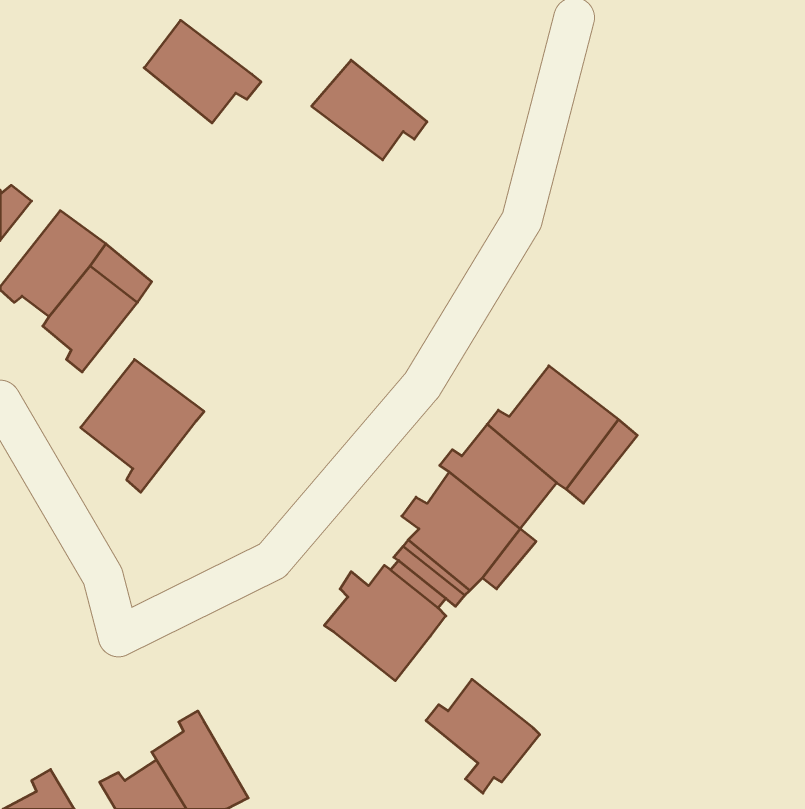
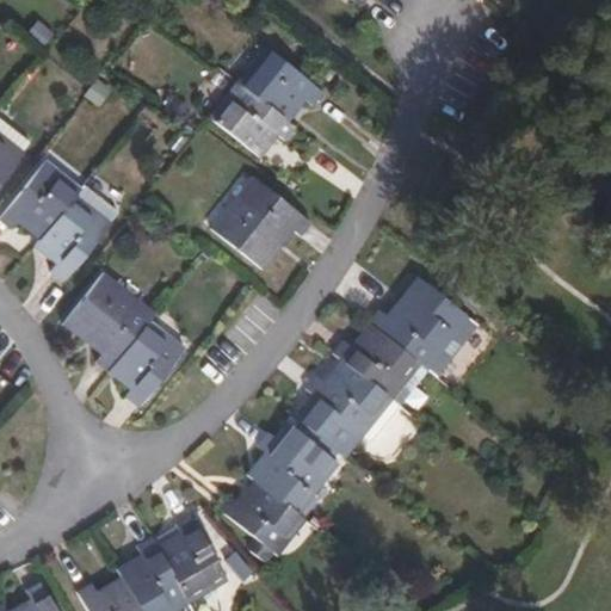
building: [144,20,261,123] -> [210,80,298,158]
building: none -> [212,175,313,269]
building: none -> [109,317,186,407]
building: [426,679,540,793] -> [220,476,306,562]
building: none -> [156,514,227,601]

